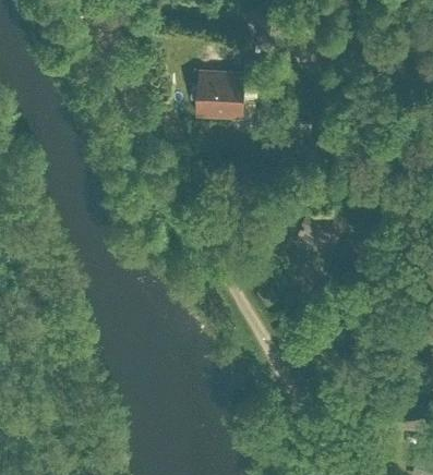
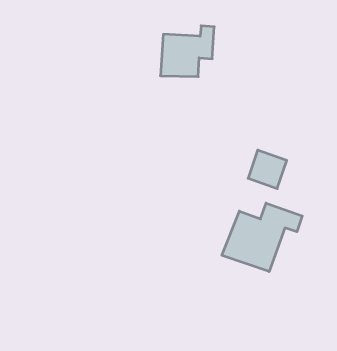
building: none -> [222,203,302,272]

